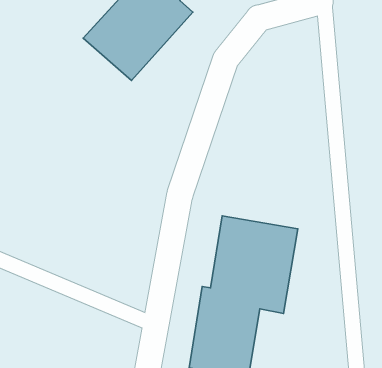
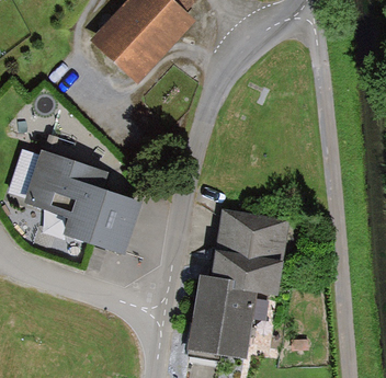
building: none -> [21,148,141,255]

